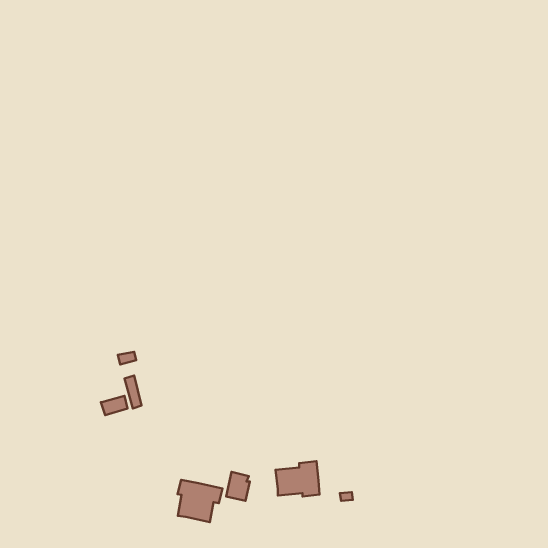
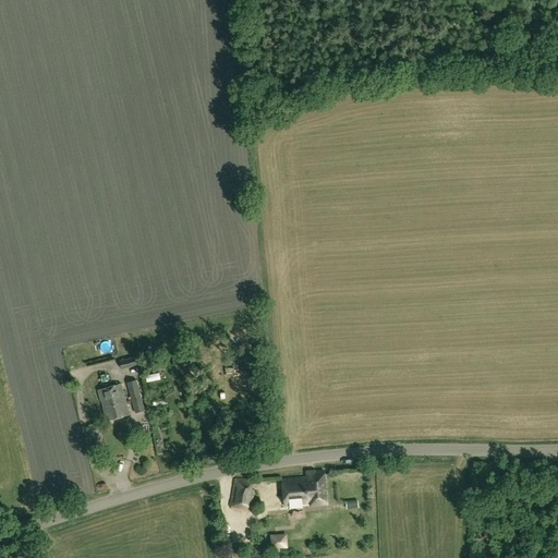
building: none -> [98,385,126,409]
building: [178,480,222,522] -> none

